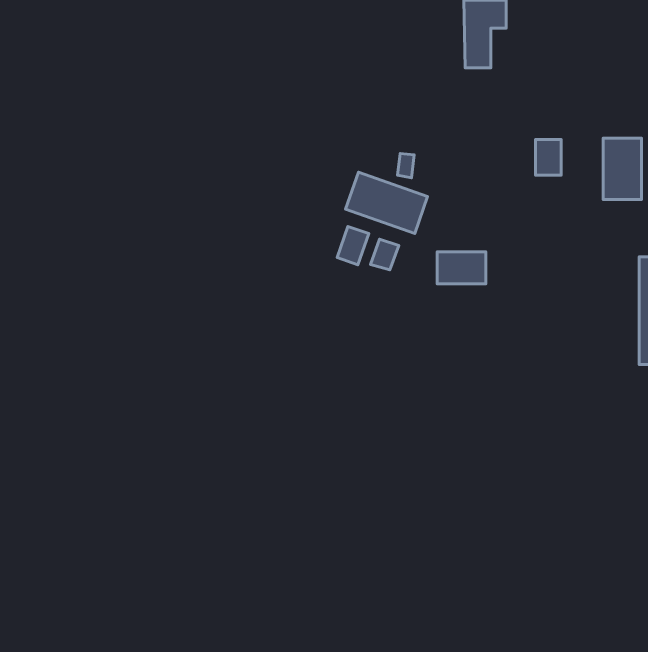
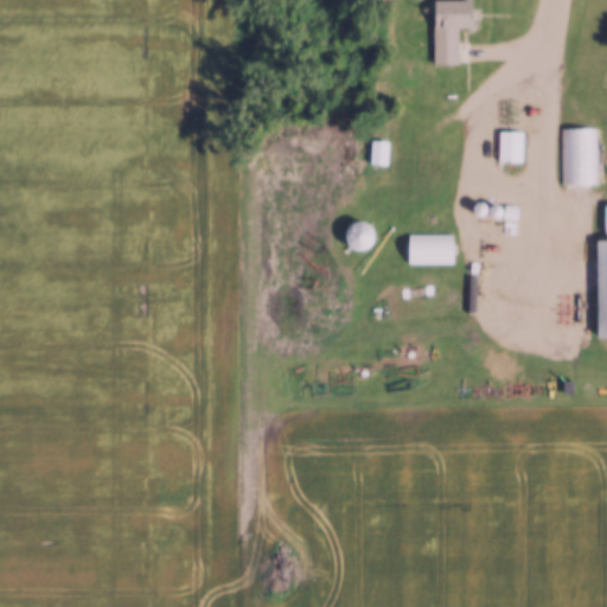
building: [346,172,428,233] -> none
building: [337,226,369,265] -> none

